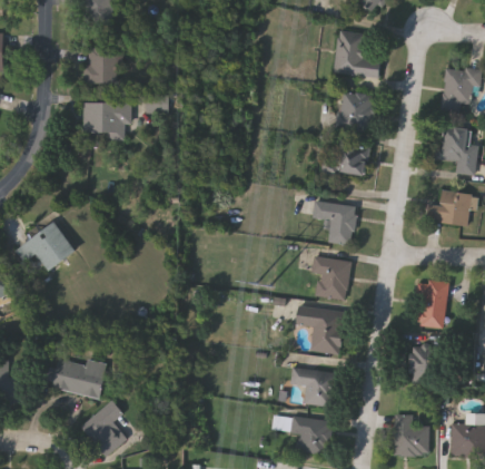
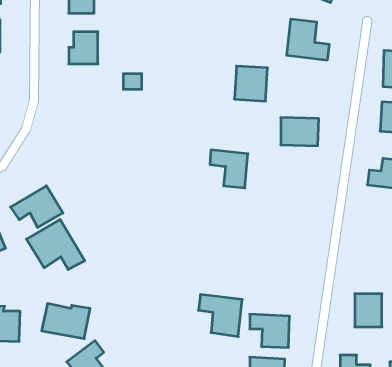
building: [338,92,376,133] -> [234,66,268,101]
building: [83,100,131,139] -> none
building: [313,202,356,245] -> [210,150,248,188]
building: [310,256,350,301] -> none
building: none -> [26,219,85,270]
building: [416,281,448,328] -> none
building: [296,307,346,355] -> [198,295,242,337]

